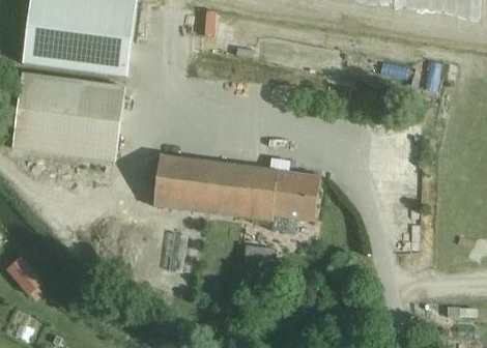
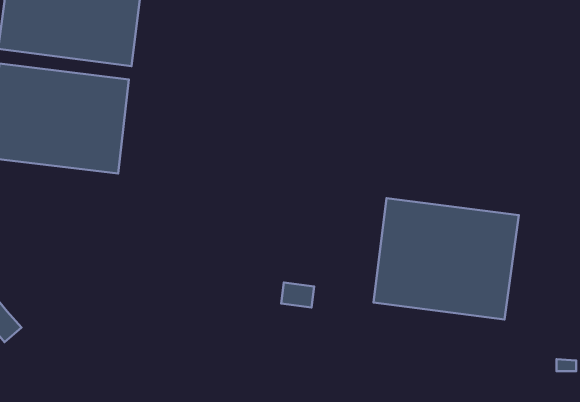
building: [152,154,320,220] -> none
building: none -> [374,198,519,319]

